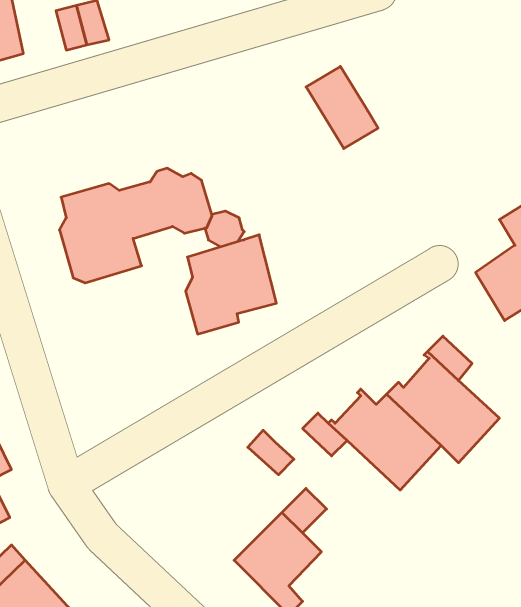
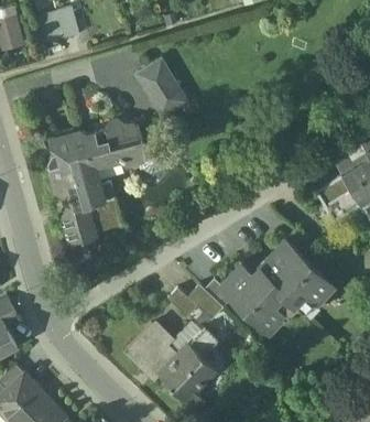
building: [306,66,378,149] -> [137,62,183,115]
building: [186,235,276,334] -> [62,181,120,245]
building: none -> [185,284,221,320]
building: none -> [123,324,177,375]

